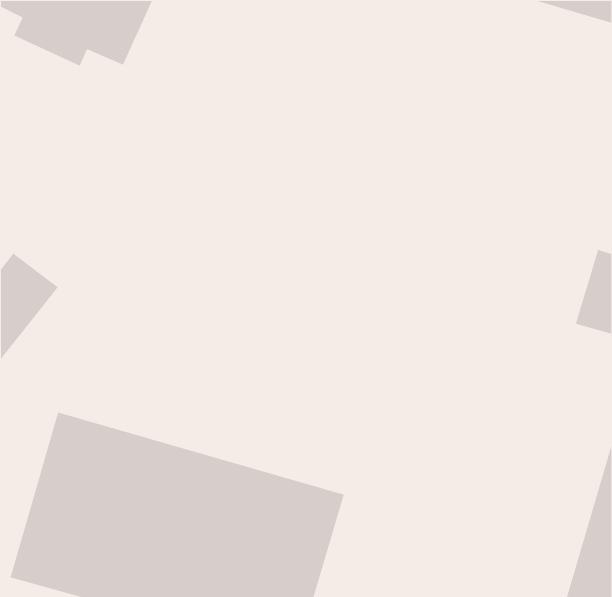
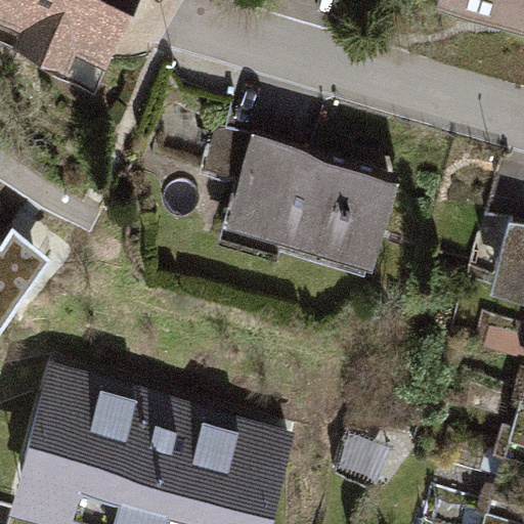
building: none -> [206,134,399,280]

